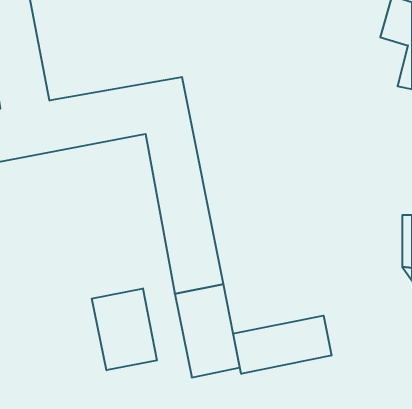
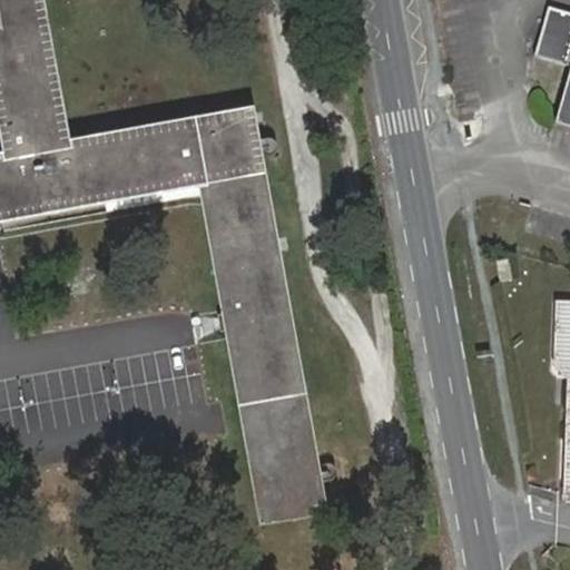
building: [92,288,157,370] -> none
building: [233,316,331,374] -> none

